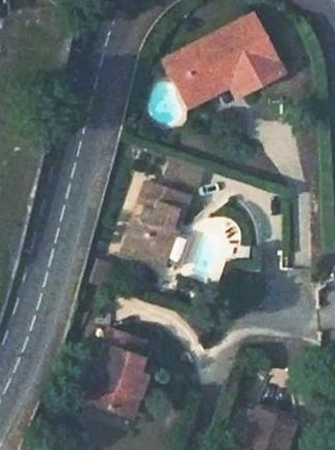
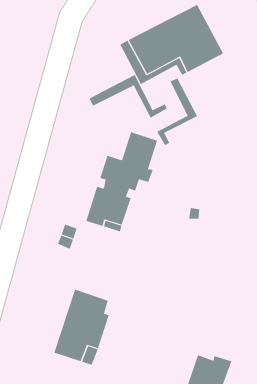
building: none -> [89,74,168,119]
building: none -> [157,77,198,146]

